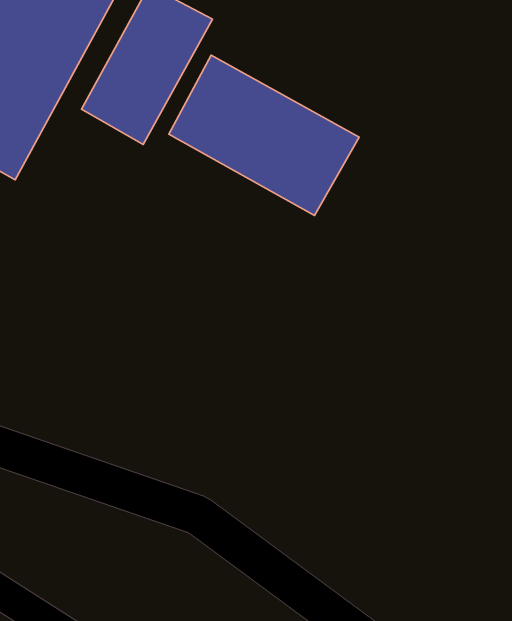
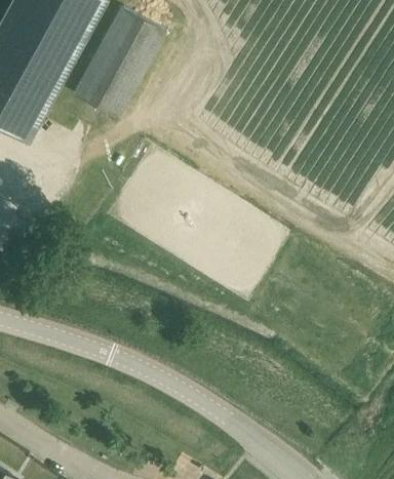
building: [169,55,359,216] -> none

